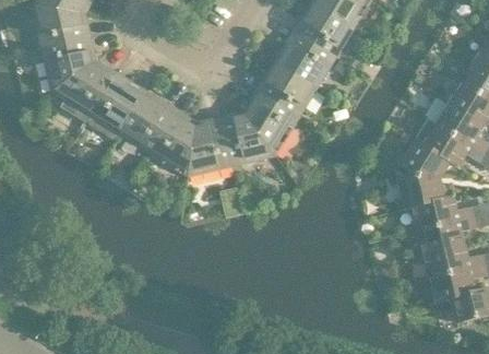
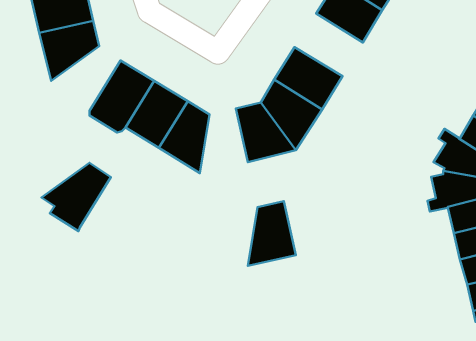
building: [275,30,337,86] -> none
building: [53,59,117,121] -> [41,163,111,231]
building: [189,116,232,175] -> [248,201,296,266]

